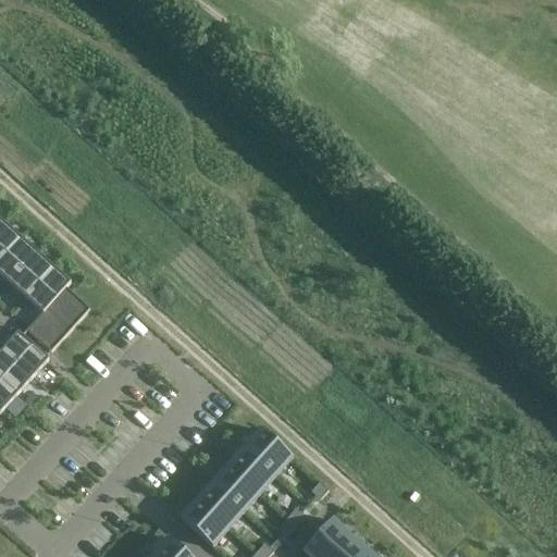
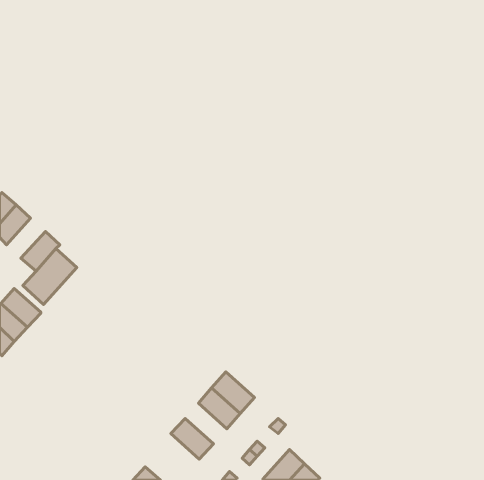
building: [8,250,52,296] -> none
building: [212,462,260,509] -> none
building: [180,497,228,545] -> none

